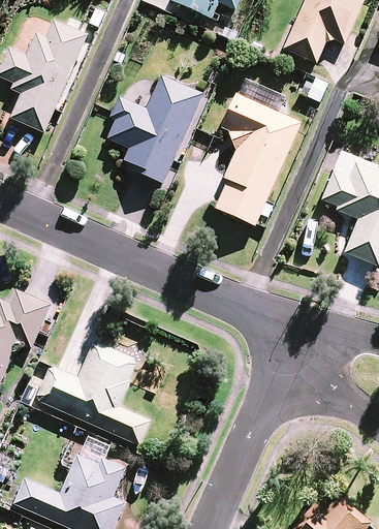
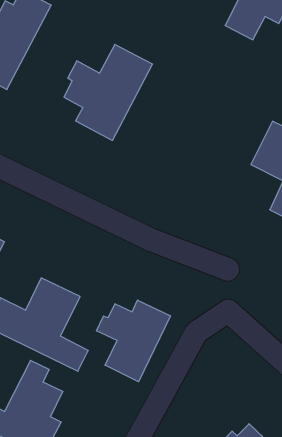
building: [215,82,299,225] -> none
building: none -> [97,300,171,382]

